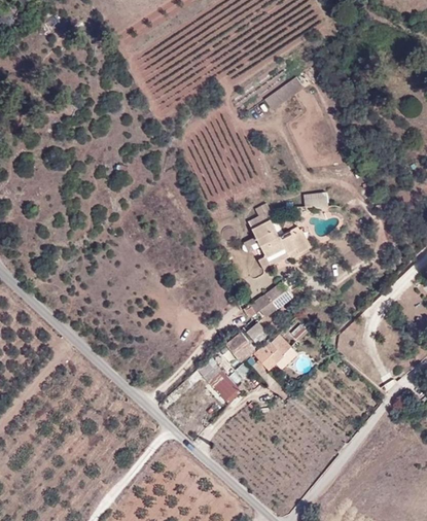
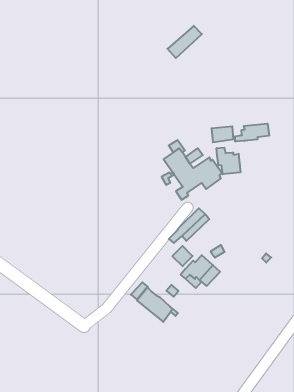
building: none -> [235,124,269,142]
building: none -> [217,148,240,174]
building: [226,332,253,359] -> none

